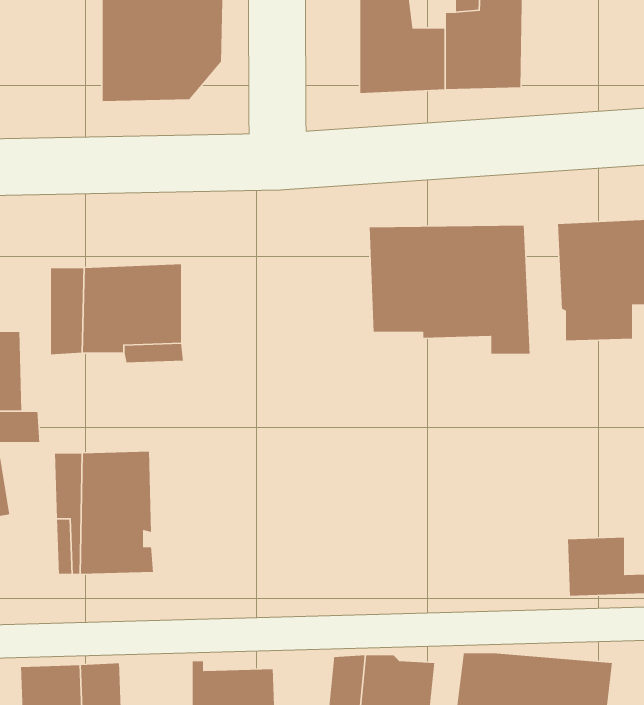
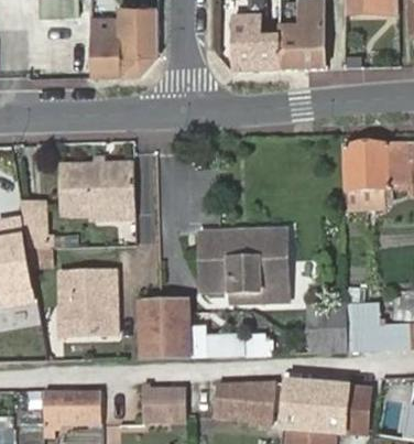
building: [369,225,530,355] -> [198,228,287,300]
building: none -> [135,297,268,356]
building: none -> [306,303,347,350]

